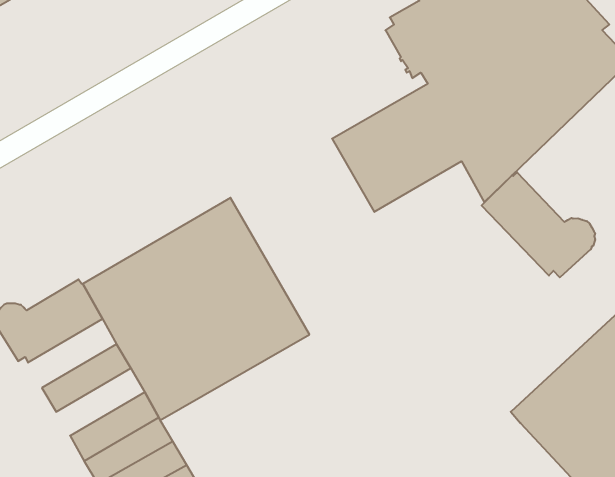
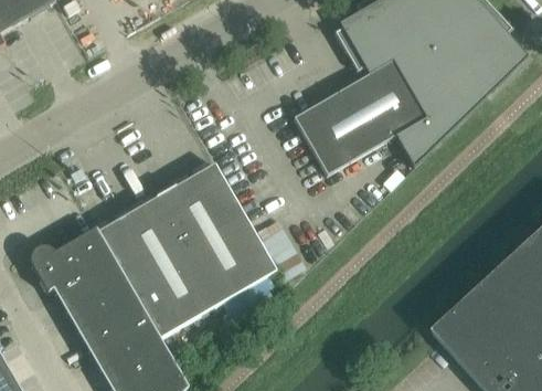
building: [482,172,595,277] -> none
building: none -> [55,257,125,311]
building: none -> [77,296,147,349]

